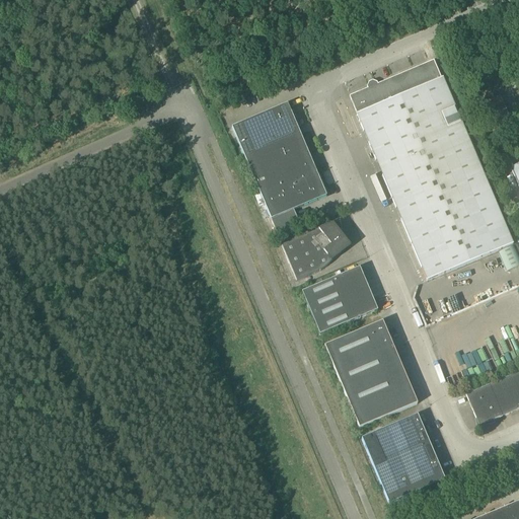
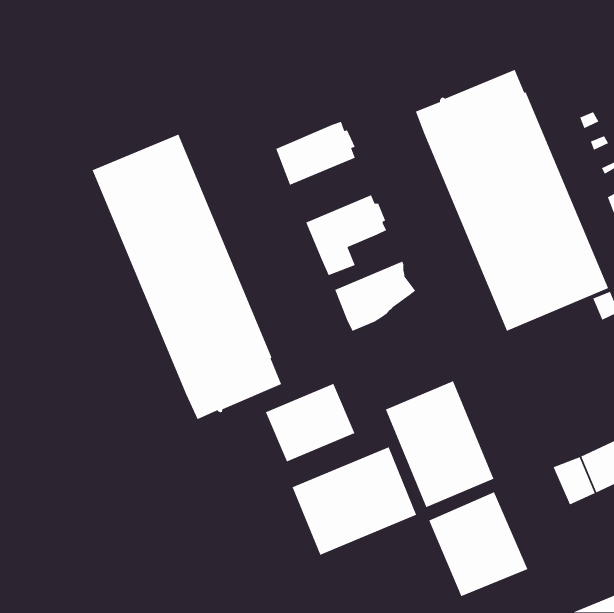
building: none -> [91,134,282,420]
building: [245,133,314,187] -> none
building: [302,266,378,332] -> [265,383,355,462]
building: none -> [292,446,417,556]

